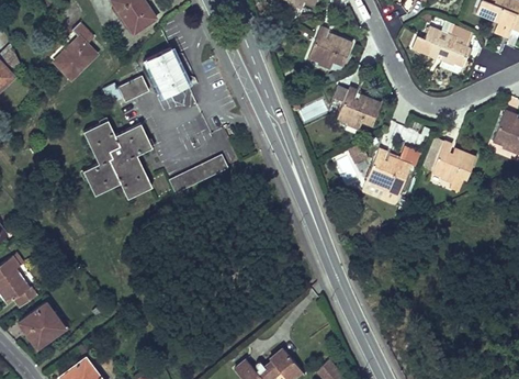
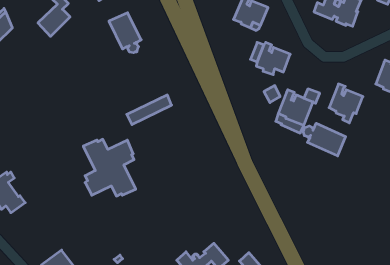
building: [117,76,148,103] -> none
building: [83,123,151,197] -> [83,139,136,196]
building: none -> [303,123,346,156]
building: [18,303,64,346] -> none

